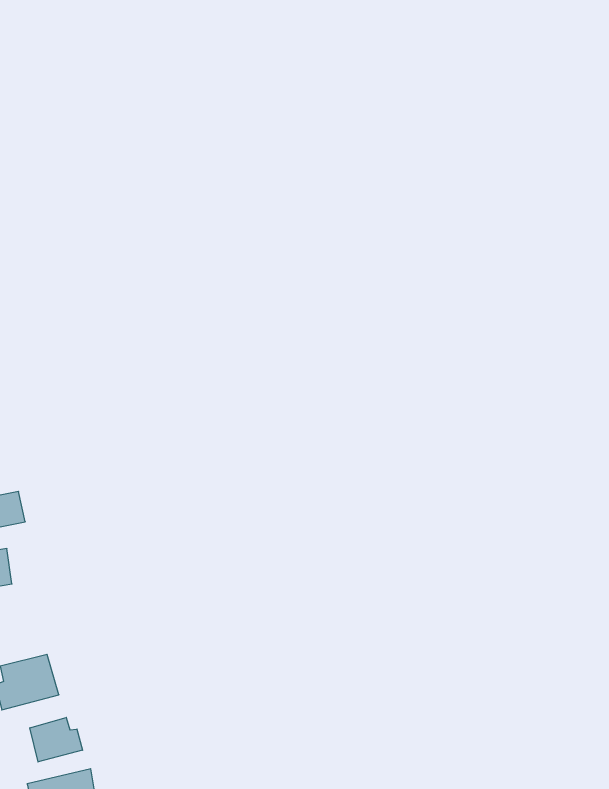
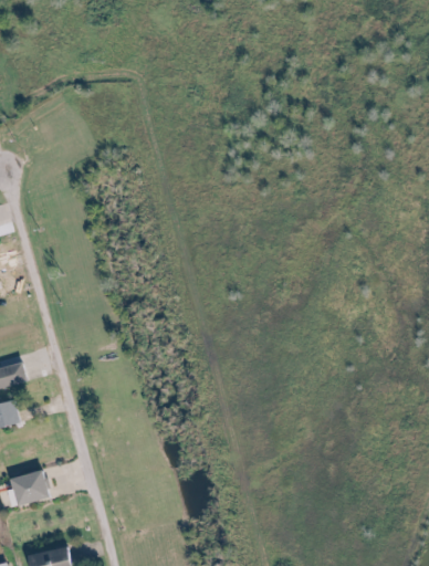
building: [30,717,83,762] -> none

